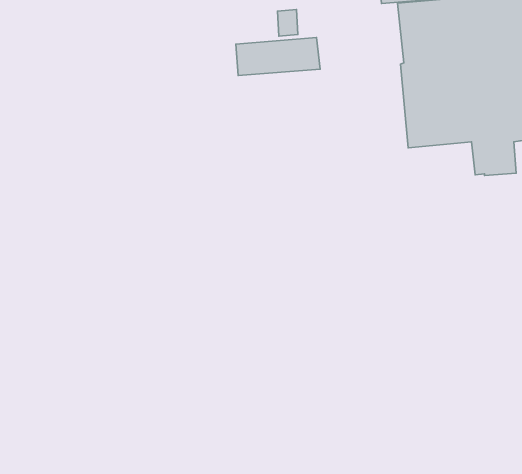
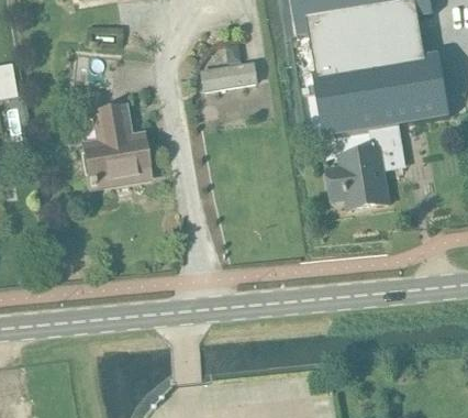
building: none -> [83,107,148,186]
building: none -> [326,148,389,210]

